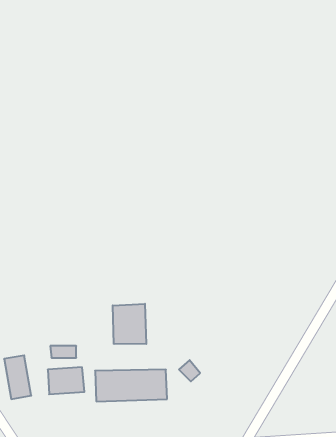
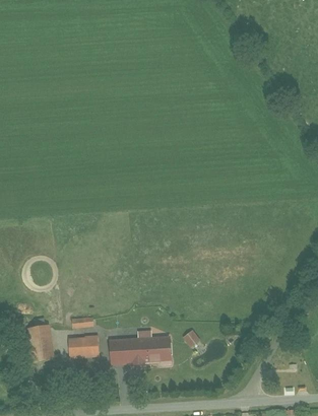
building: [113,304,146,344] -> none

